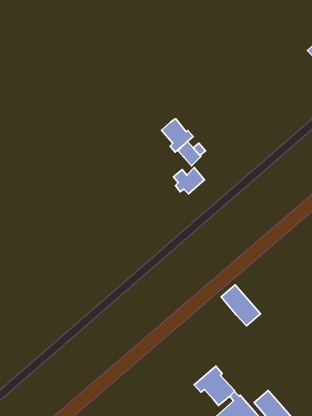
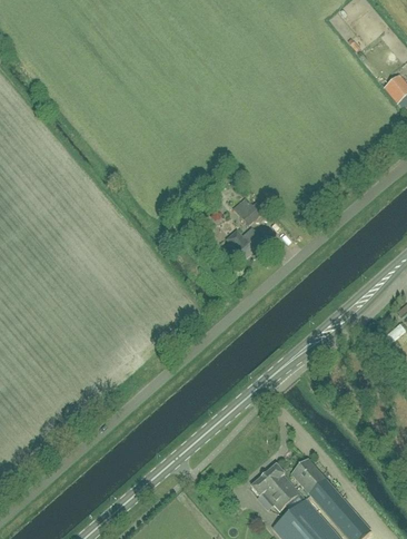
building: [162,119,193,152] -> none
building: [221,285,261,326] -> [291,459,338,508]

